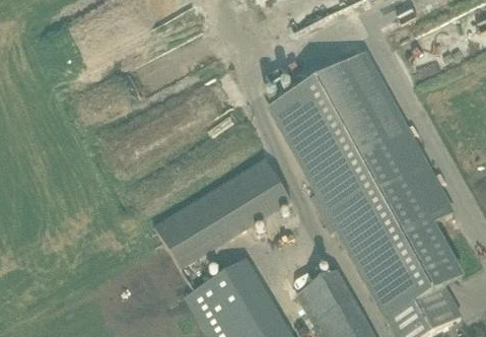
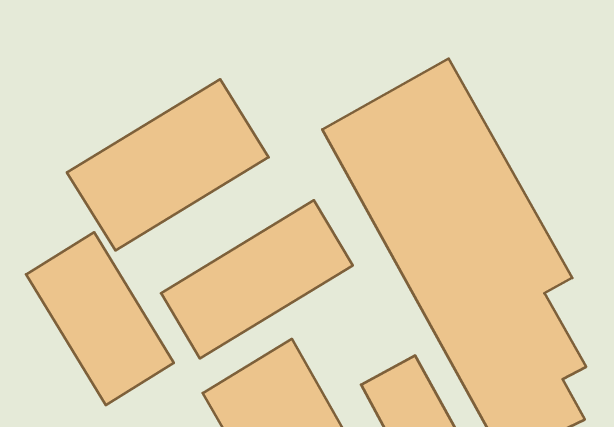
building: none -> [67,79,269,250]
building: none -> [26,232,174,405]

